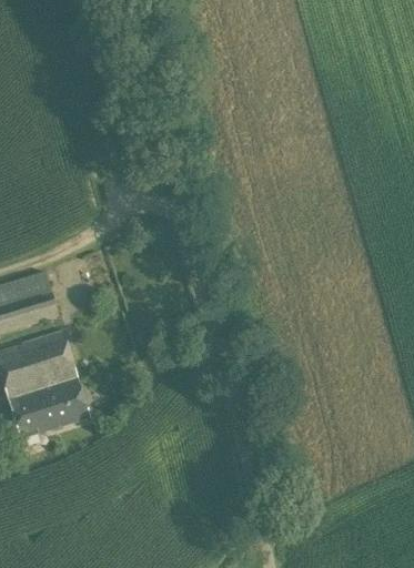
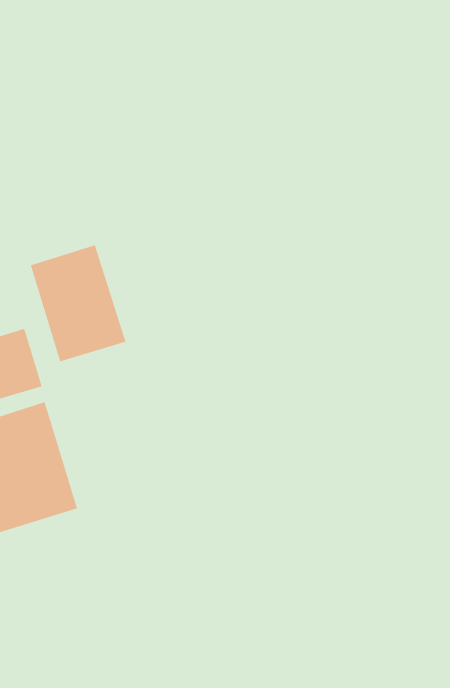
building: none -> [30,244,126,362]

